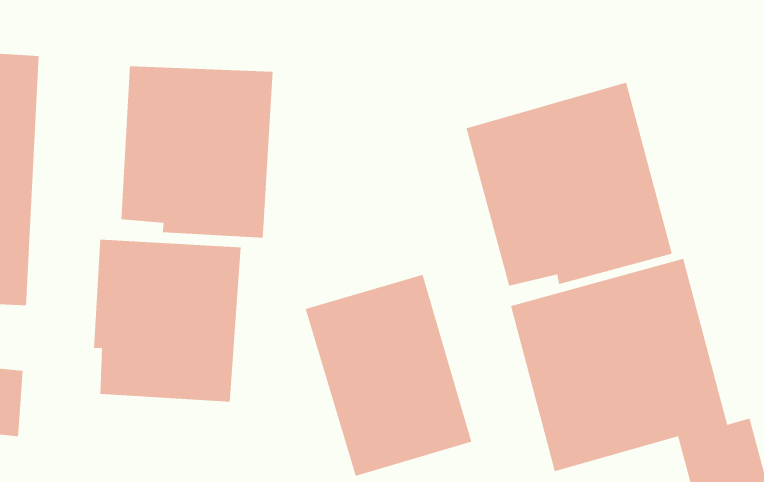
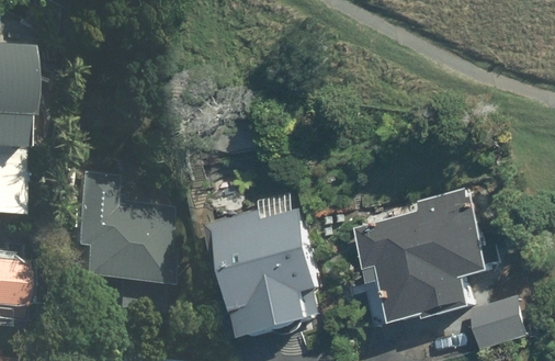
building: [121,65,273,239] -> none
building: [466,82,672,287] -> none

